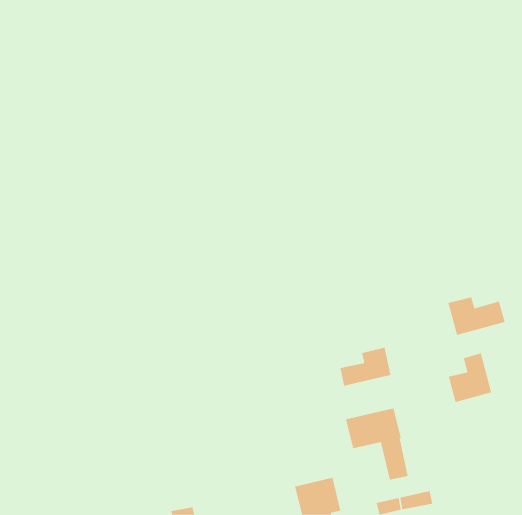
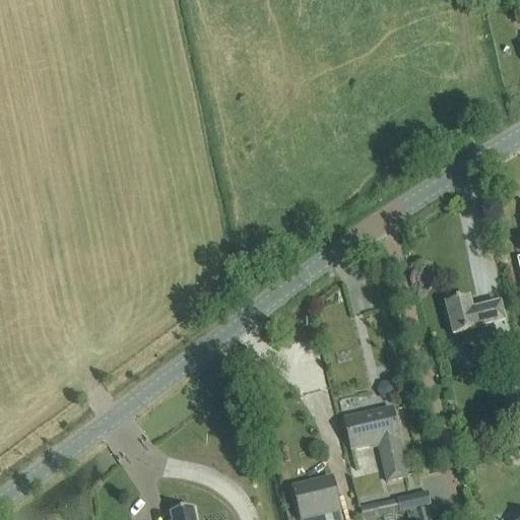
building: [340,347,391,386] -> none
building: [448,352,492,403] -> none

